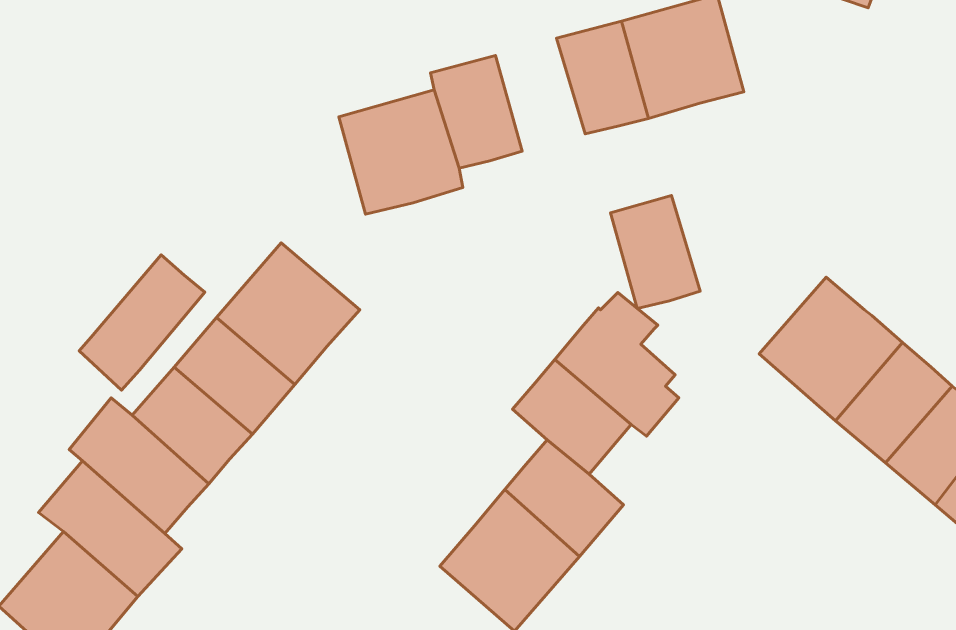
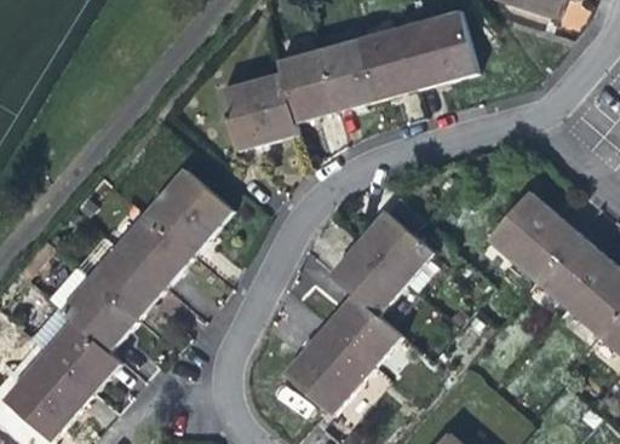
building: [610,196,700,308] -> [320,39,377,110]
building: [79,255,205,390] -> none

